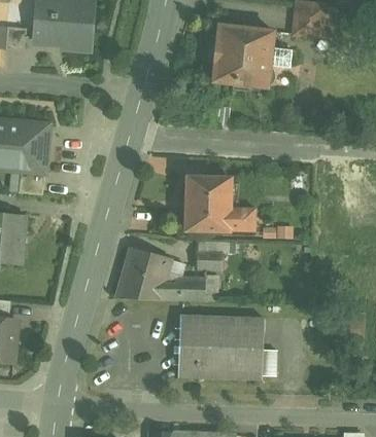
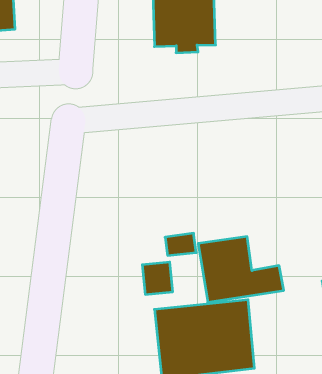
building: [186,176,257,229] -> [198,237,284,302]
building: [116,247,170,299] -> none

